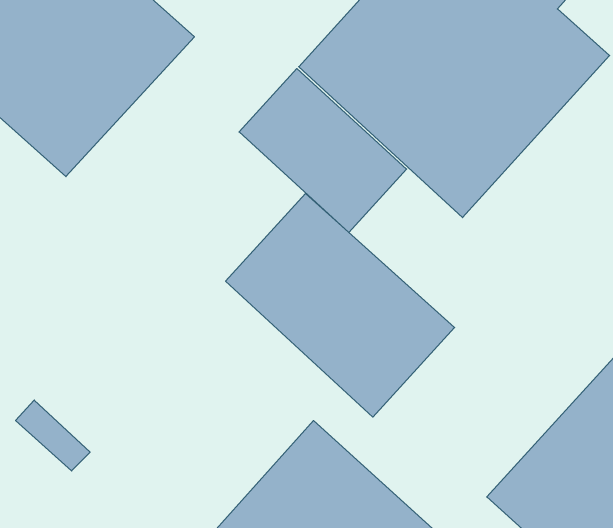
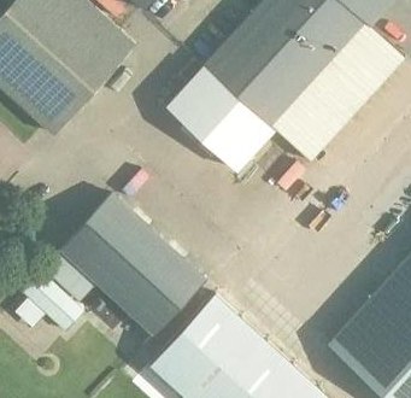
building: [226,193,455,417] -> [58,192,206,336]

